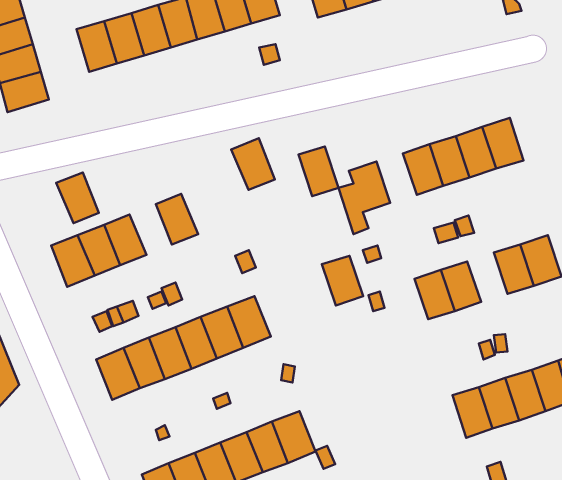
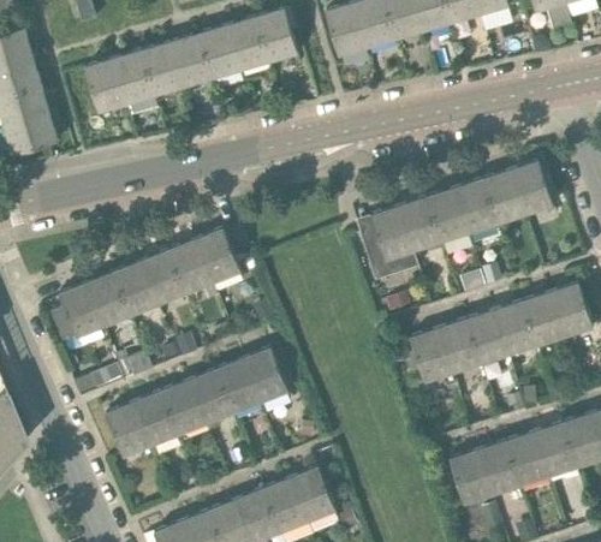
building: [231,138,275,190] -> [195,228,240,282]
building: [298,147,339,196] -> [399,198,441,250]
building: [56,173,99,223] -> [141,251,185,304]
building: none -> [494,302,536,353]
building: [322,256,363,305] -> [410,329,453,381]
building: none -> [450,451,493,504]

